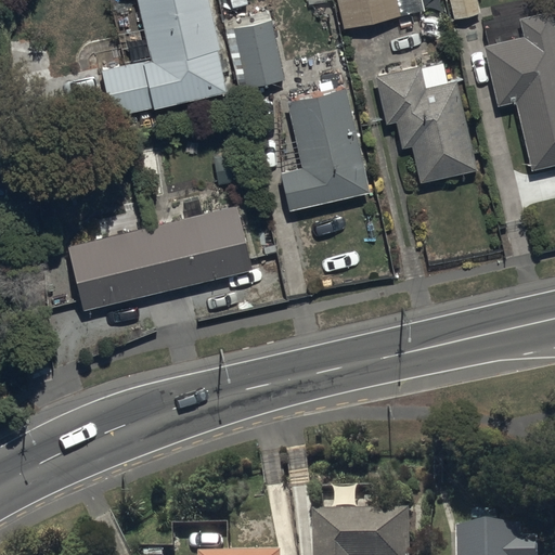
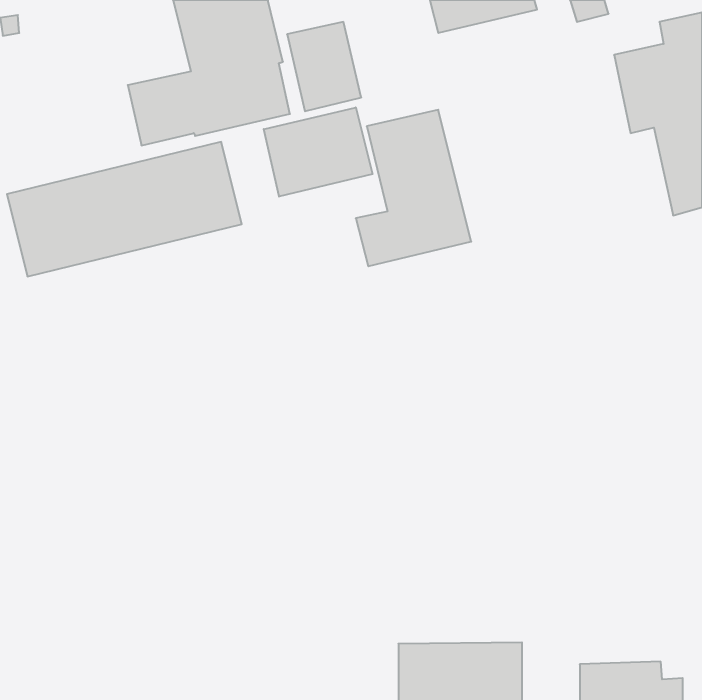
building: [375,64,478,182] -> none
building: none -> [264,107,373,197]
building: [68,204,254,310] -> [7,142,242,276]

